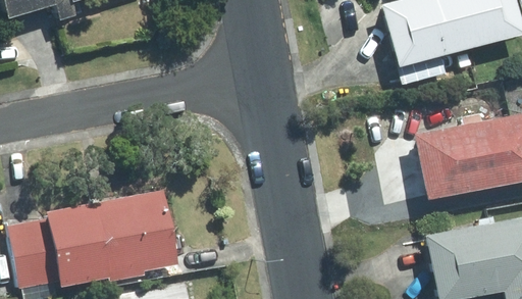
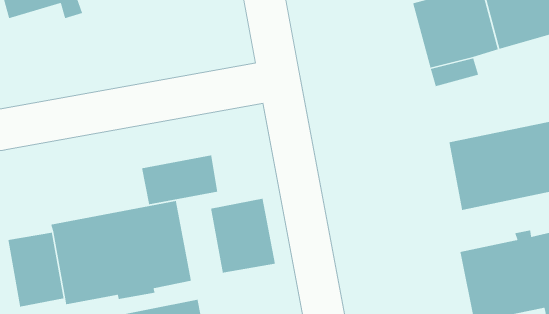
building: none -> [141,155,218,205]
building: none -> [210,198,276,274]

